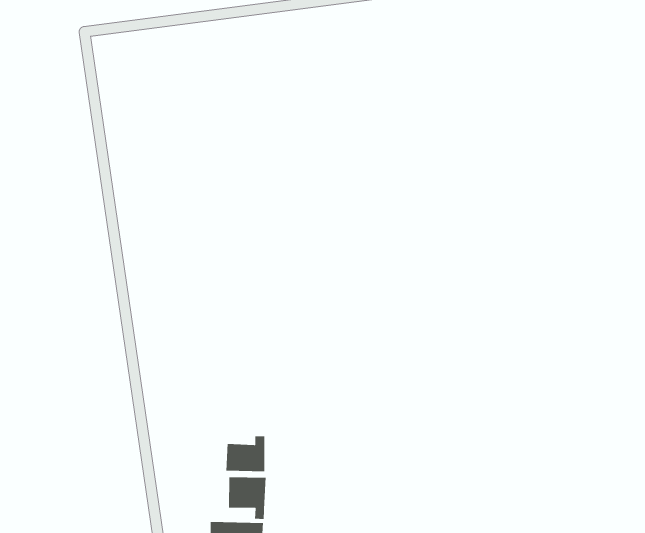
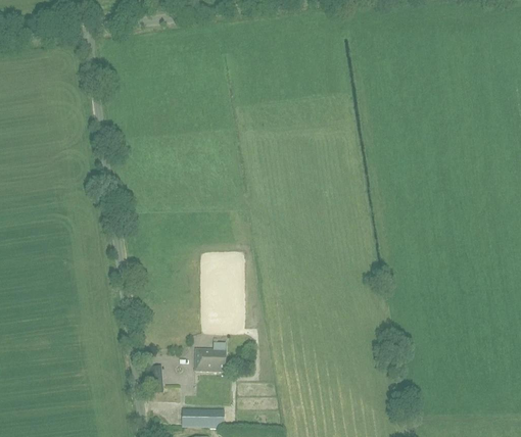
building: [228,476,267,520] -> none

